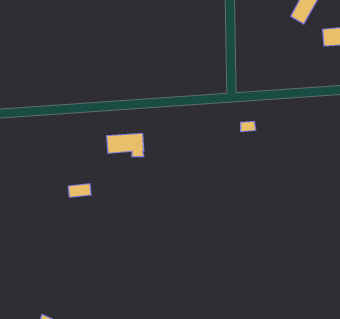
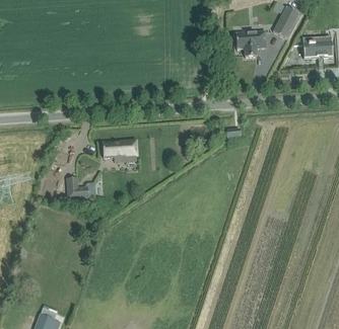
building: none -> [235,30,267,57]

